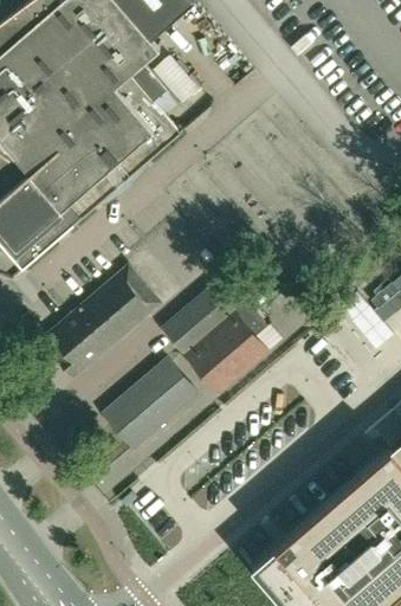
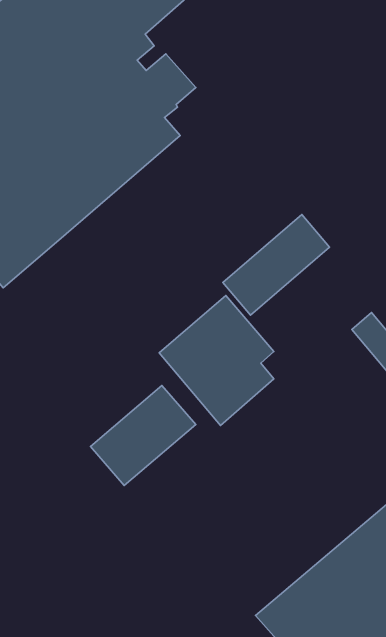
building: none -> [223,214,329,315]
building: [41,267,159,378] -> none

